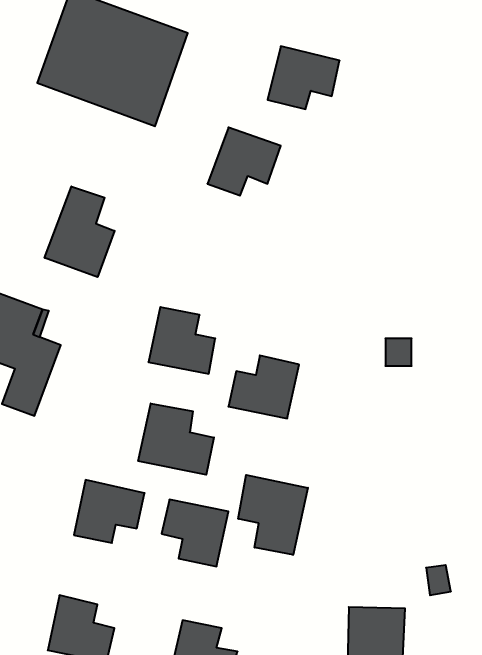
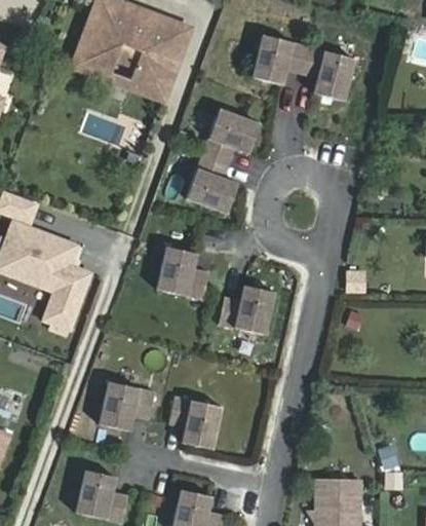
building: none -> [302,51,354,105]
building: none -> [188,148,240,209]
building: [45,186,115,277] -> none
building: [138,403,214,475] -> none
building: [238,475,308,555] -> none

